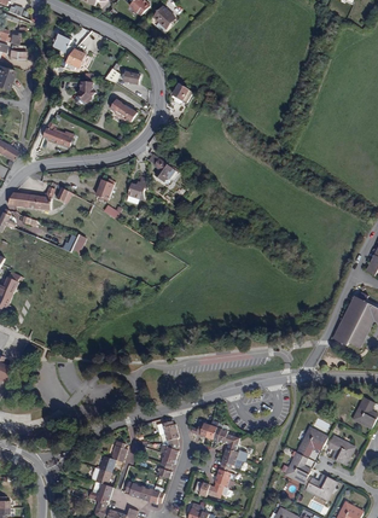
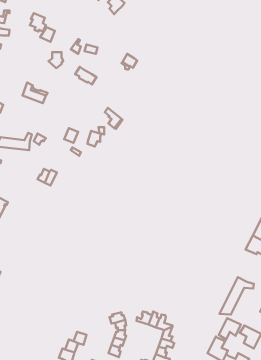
building: none -> [219,277,254,315]

